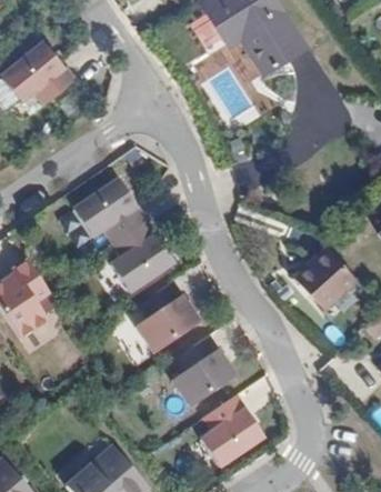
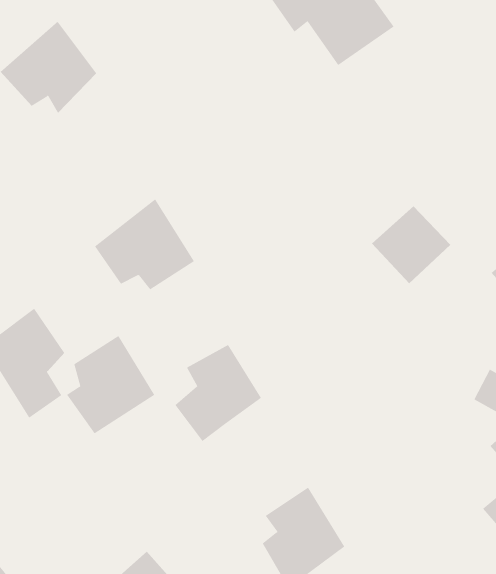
building: [111,223,179,299] -> [66,335,155,434]
building: [291,243,352,303] -> [371,206,451,284]
building: [172,338,235,412] -> none

